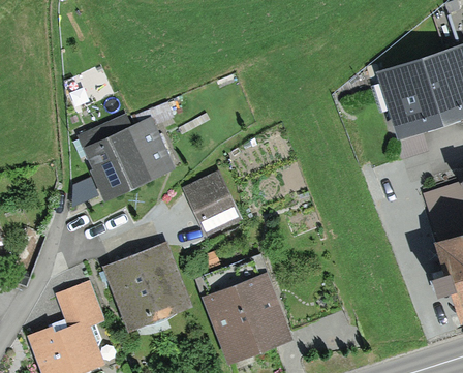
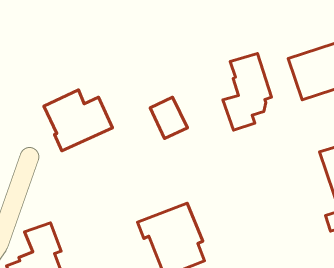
building: none -> [223,53,272,130]
building: [189,179,236,230] -> [150,97,188,138]
building: [112,249,182,323] -> none

